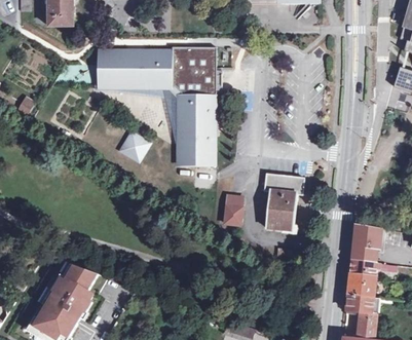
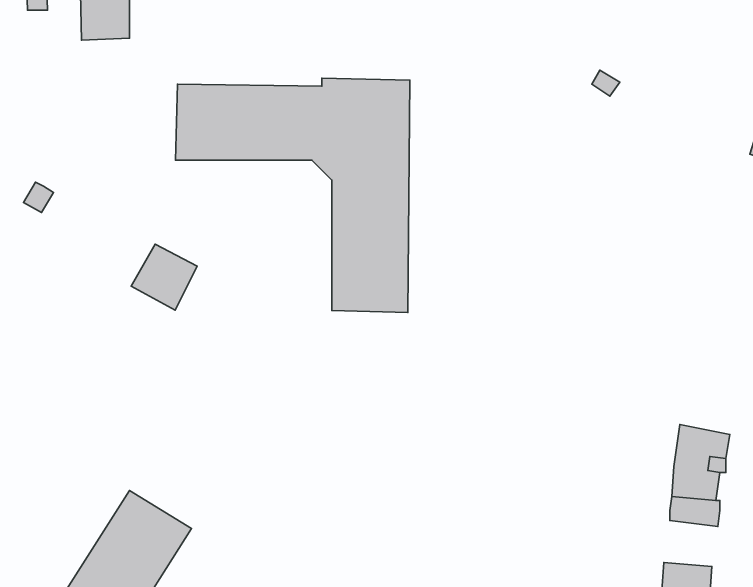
building: [116,128,150,162] -> [131,244,197,310]
building: [263,173,303,230] -> none
building: [221,193,244,224] -> none
building: [347,273,375,297] -> none

